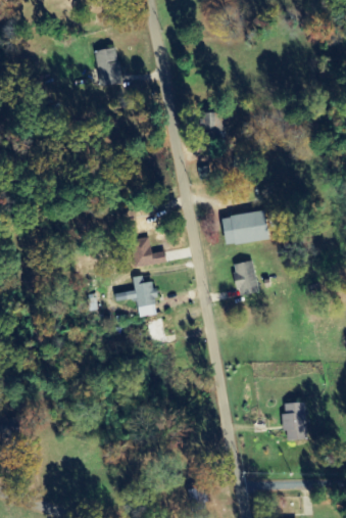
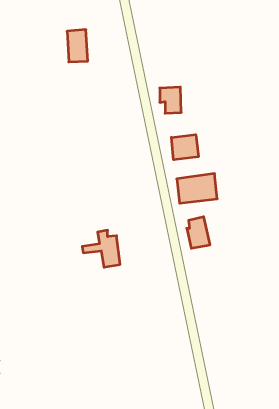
building: none -> [171,135,198,160]
building: [130,237,166,266] -> none
building: [283,402,306,439] -> none

